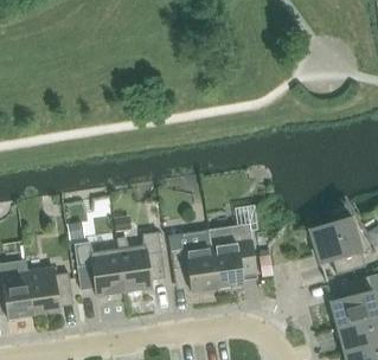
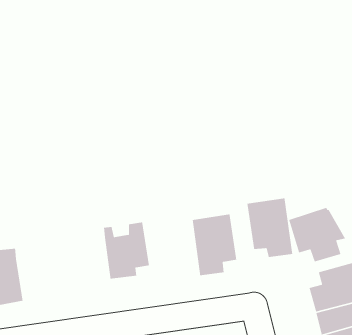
building: [169,229,218,291] -> [247,198,293,258]
building: [75,242,124,296] -> none
building: [27,266,73,314] -> none

